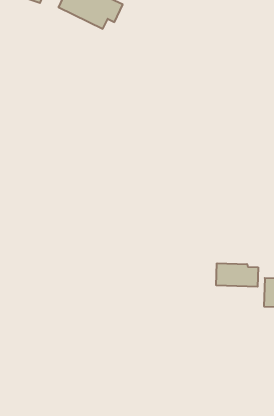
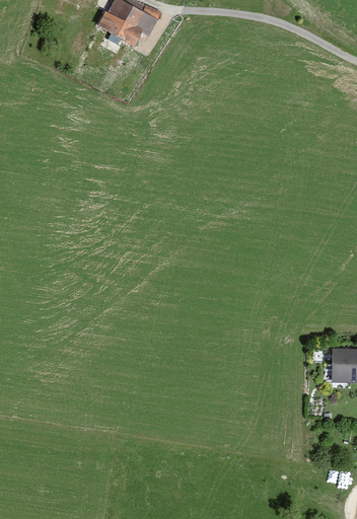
building: [216,263,258,287] -> none

